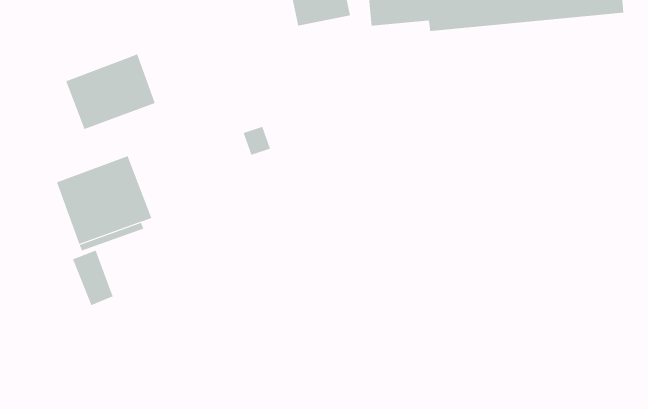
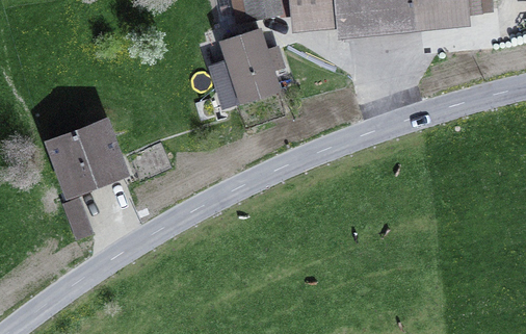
building: none -> [215,29,281,105]
building: [65,54,155,130] -> none

